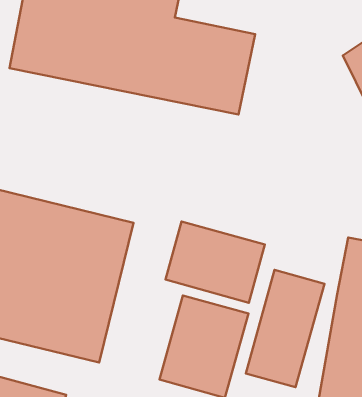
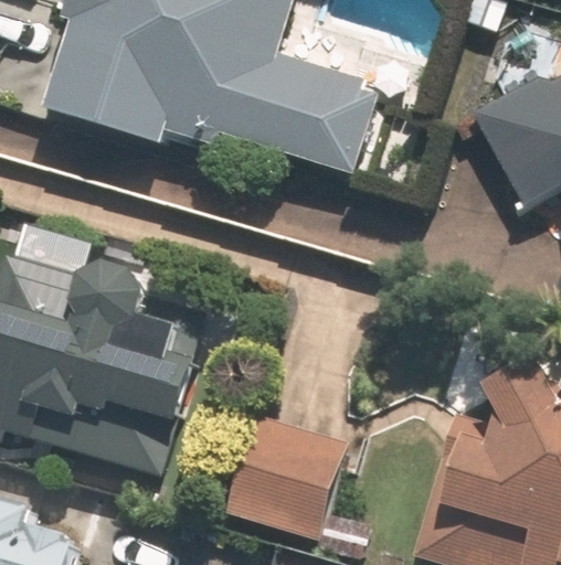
building: [165,221,265,303] -> none
building: [246,270,324,387] -> none

